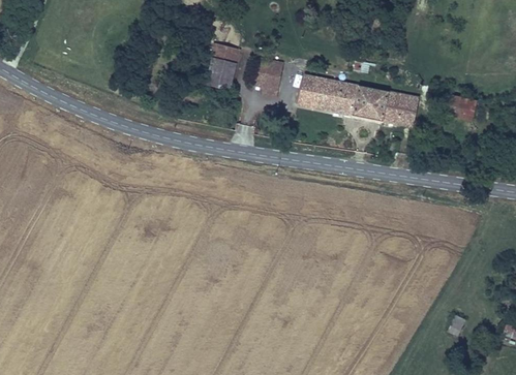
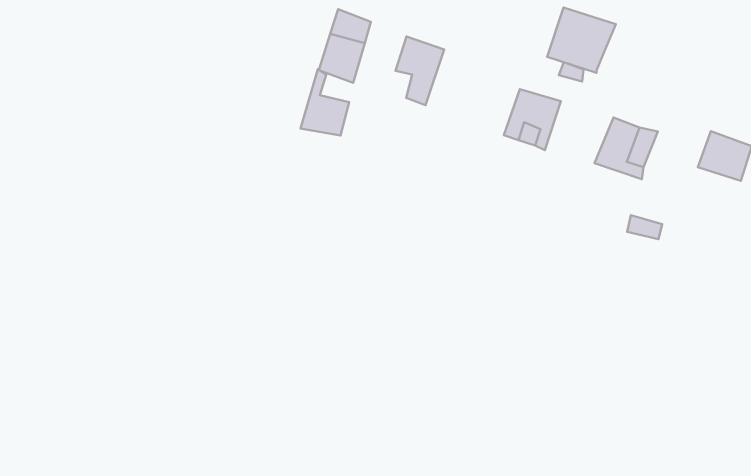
building: [300,74,332,110] -> none
building: none -> [300,69,349,135]
building: [352,85,391,122] -> [547,7,616,73]

